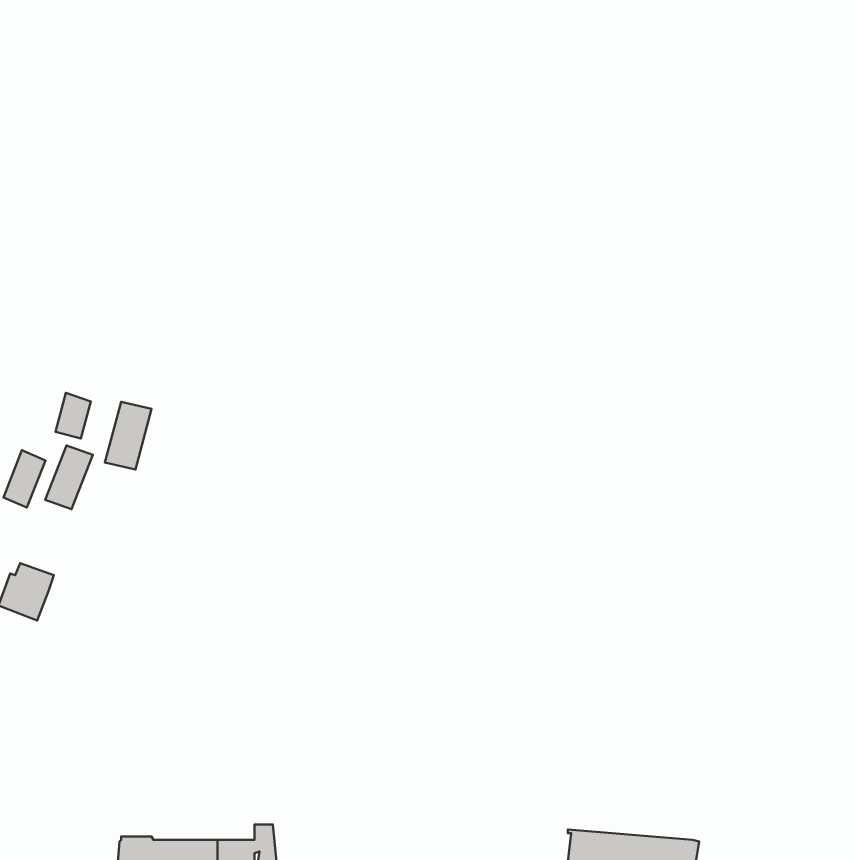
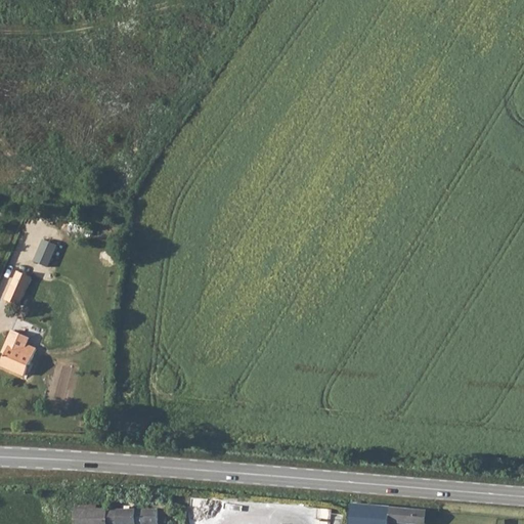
building: [105,402,152,470] -> none
building: [45,446,93,509] -> none

